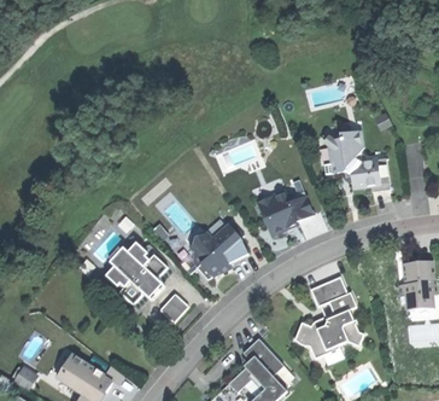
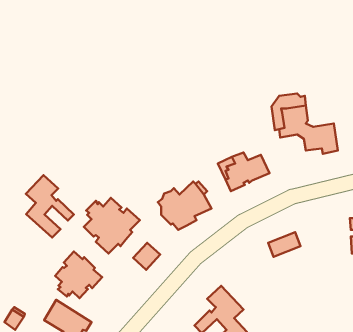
building: none -> [26,175,74,238]
building: none -> [55,252,102,298]
building: [294,308,363,359] -> none

